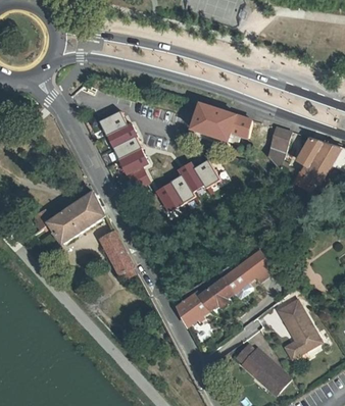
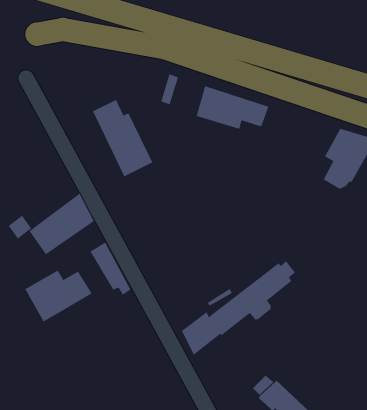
building: [267,125,291,175] -> none
building: [157,161,220,224] -> none
building: none -> [25,270,92,323]
building: [277,299,321,358] -> none

